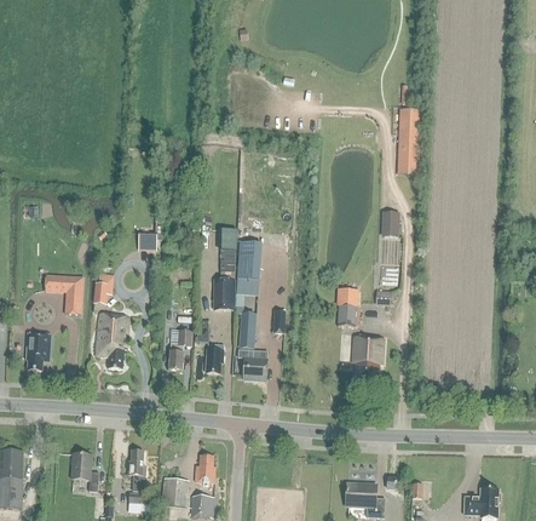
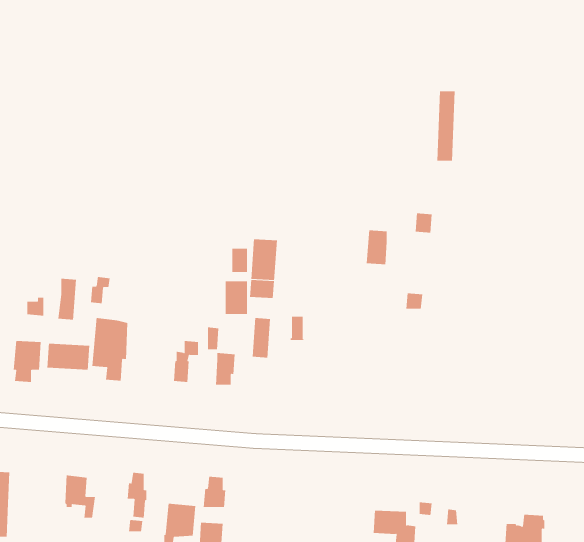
building: [335,294,355,326] -> [366,230,388,265]
building: none -> [47,343,90,370]
building: [351,336,382,379] -> none
building: [236,349,266,380] -> none

